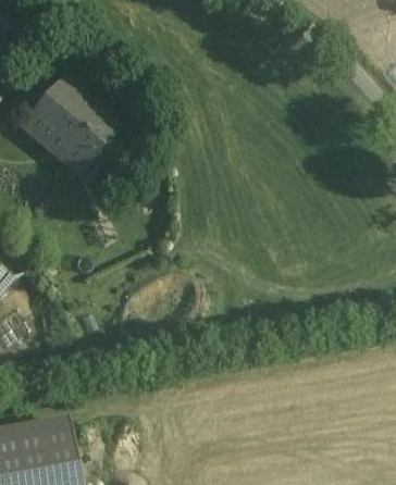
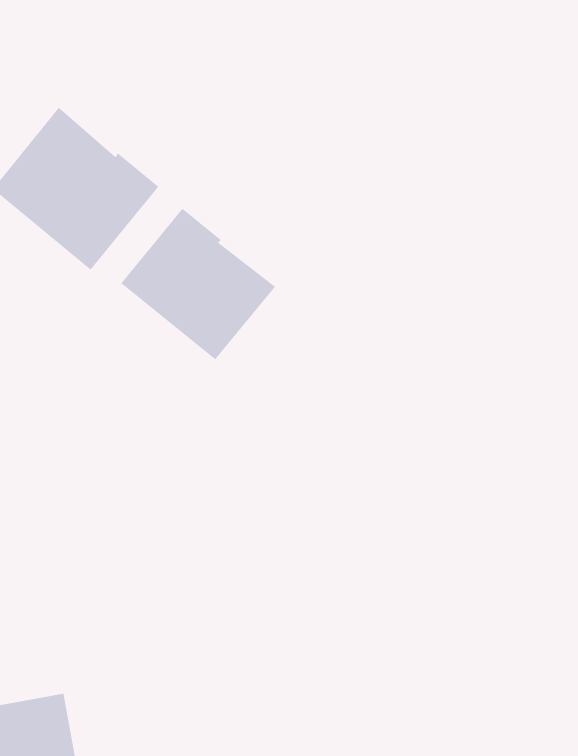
building: none -> [120,208,276,360]

